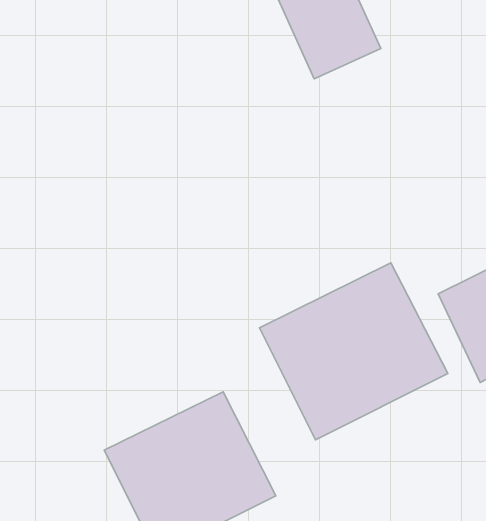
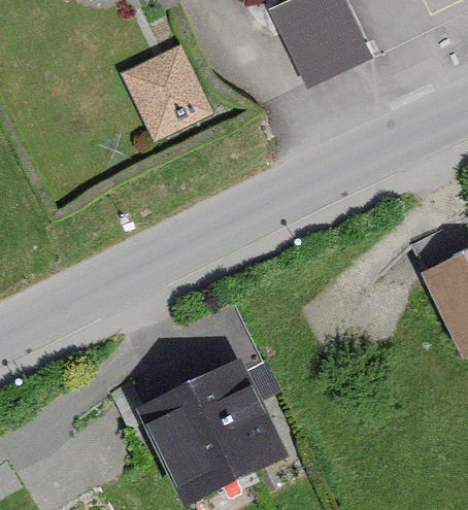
building: none -> [128,48,214,138]
building: [260,263,448,440] -> none

